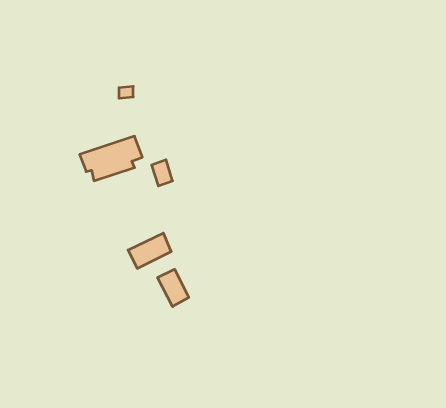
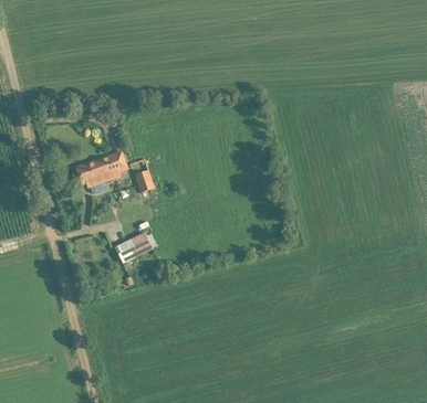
building: [158,269,189,307] -> none

